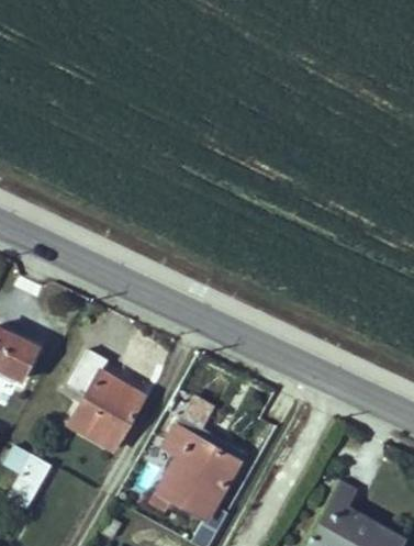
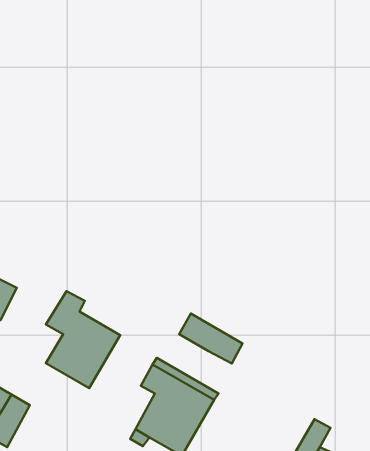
building: none -> [179,313,242,364]

